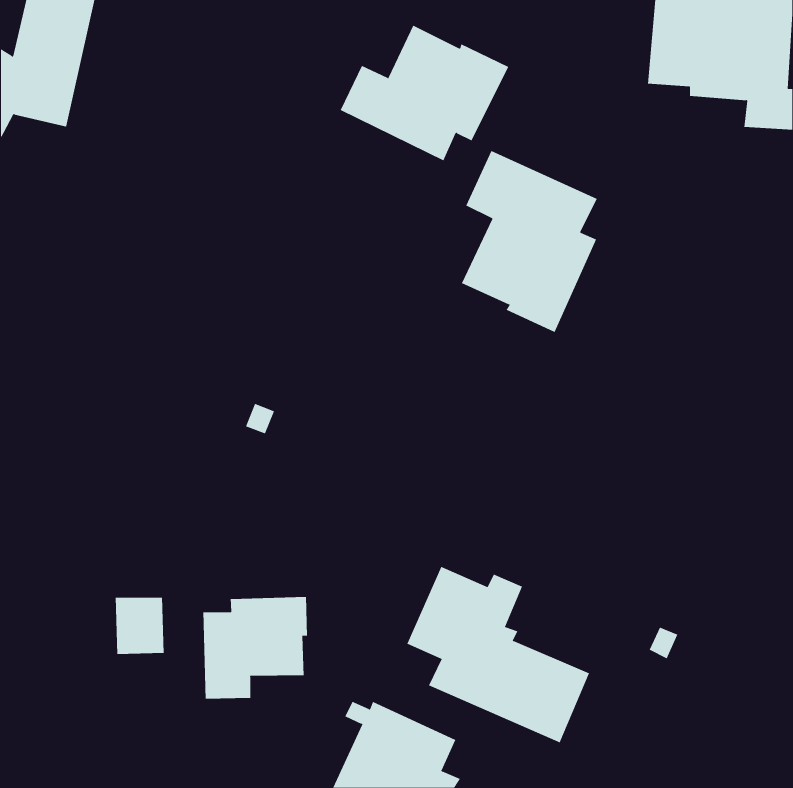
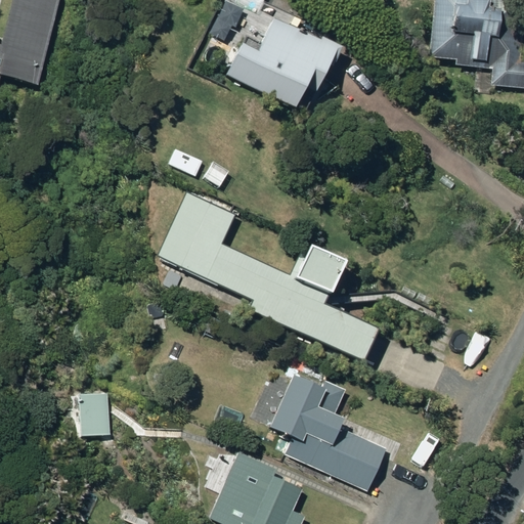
building: [461,150,598,333] -> none
building: none -> [155,190,377,361]
building: [203,596,307,699] -> none

